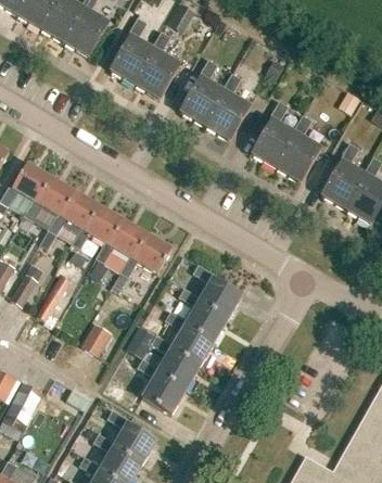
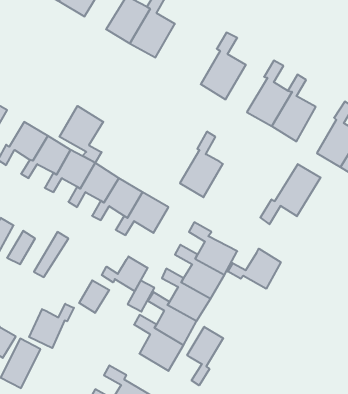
building: [180,59,224,125] -> [180,132,223,197]
building: none -> [59,106,103,163]
building: none -> [260,164,321,224]
building: none -> [228,249,281,289]
building: none -> [102,256,148,291]
building: none -> [29,304,74,348]
building: none -> [187,327,223,385]

